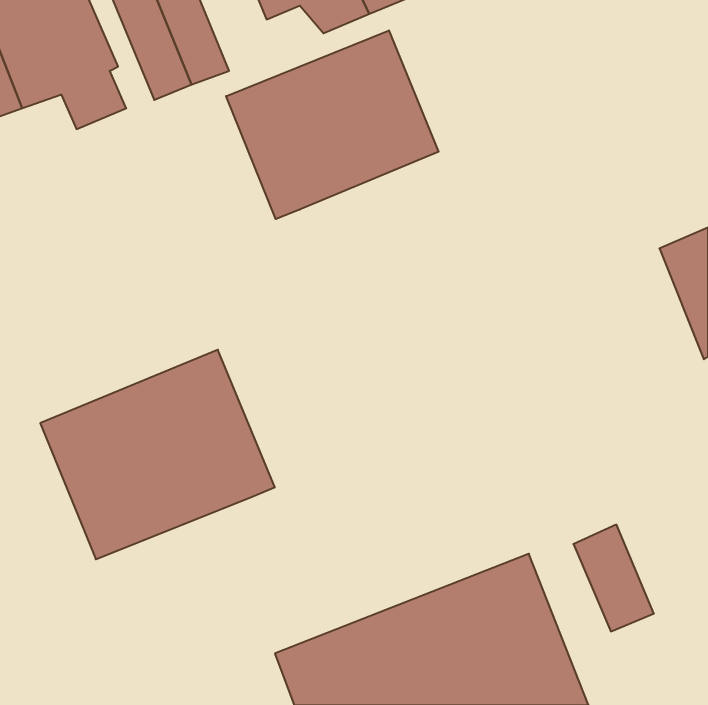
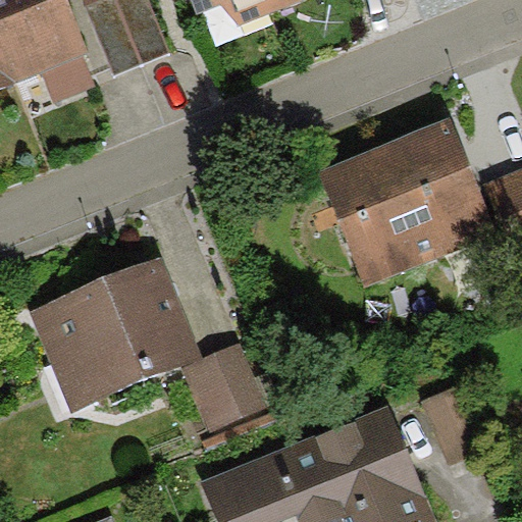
building: [226,30,439,219] -> none
building: none -> [317,118,497,288]
building: none -> [182,342,268,432]

